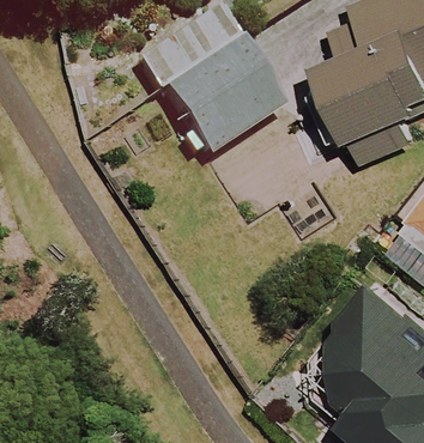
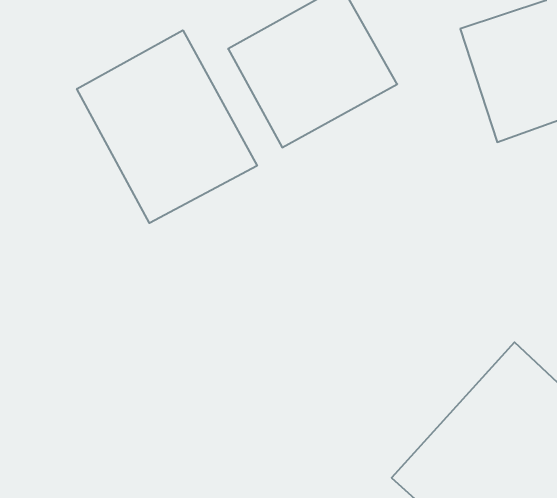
building: none -> [77,30,257,223]

